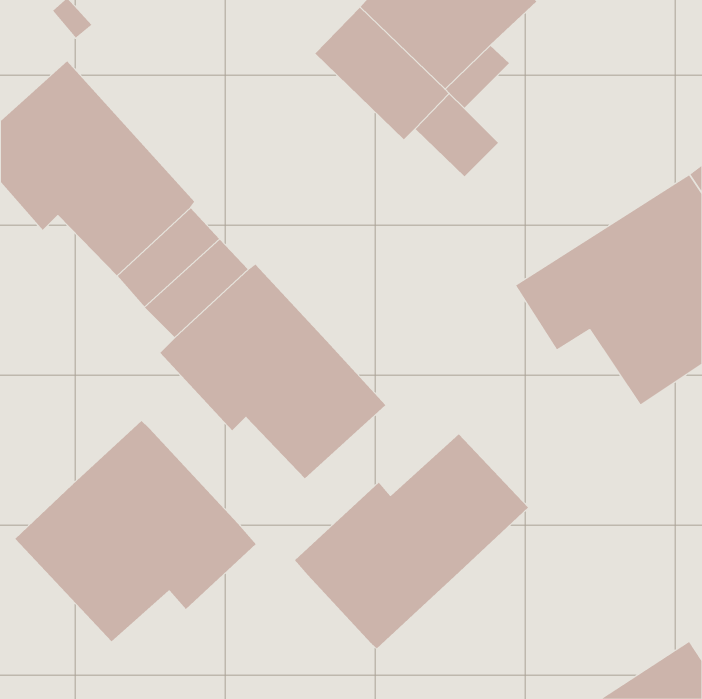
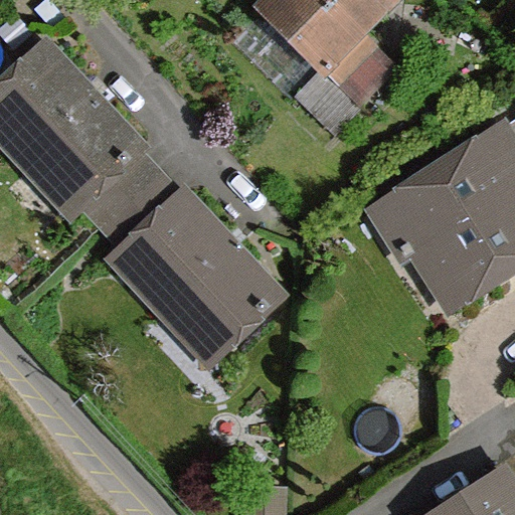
building: [15,420,257,642] -> none
building: [294,433,529,649] -> none

